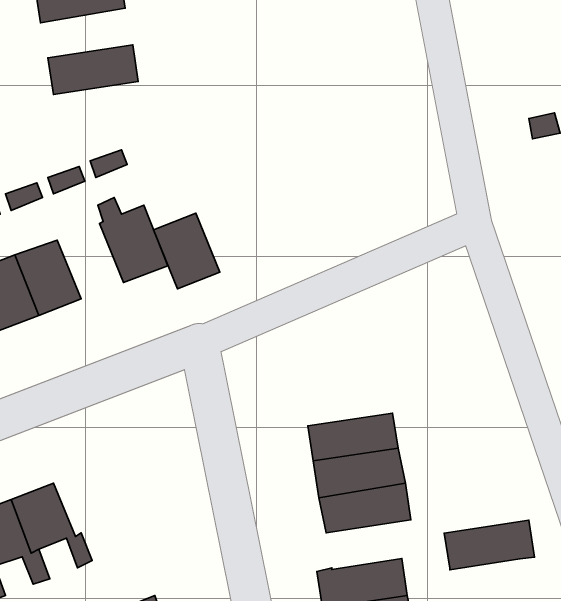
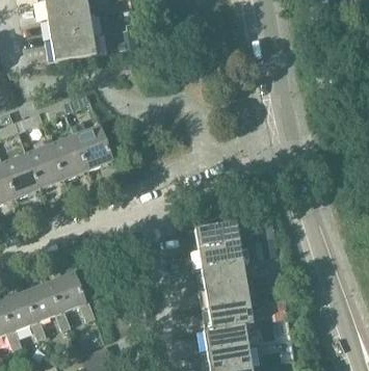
building: none -> [43,12,95,41]
building: [154,213,220,289] -> [52,134,89,177]
building: none -> [190,220,241,248]
building: none -> [50,270,97,319]
building: [444,520,534,570] -> [204,301,255,329]

